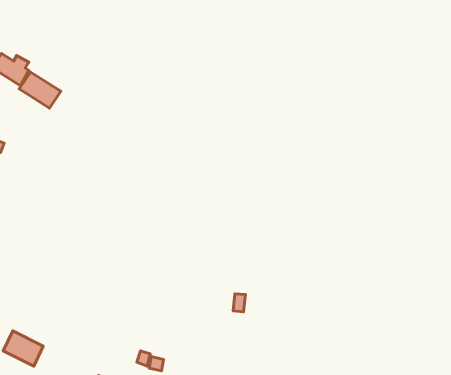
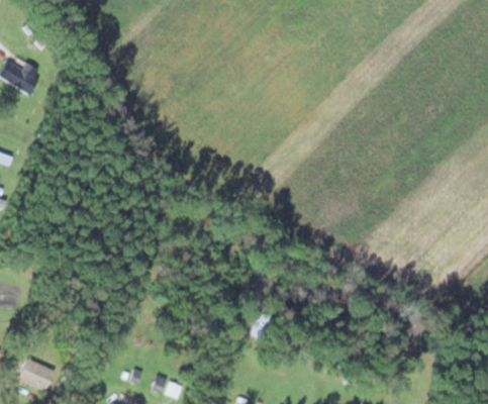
building: [19,72,61,108] -> none

